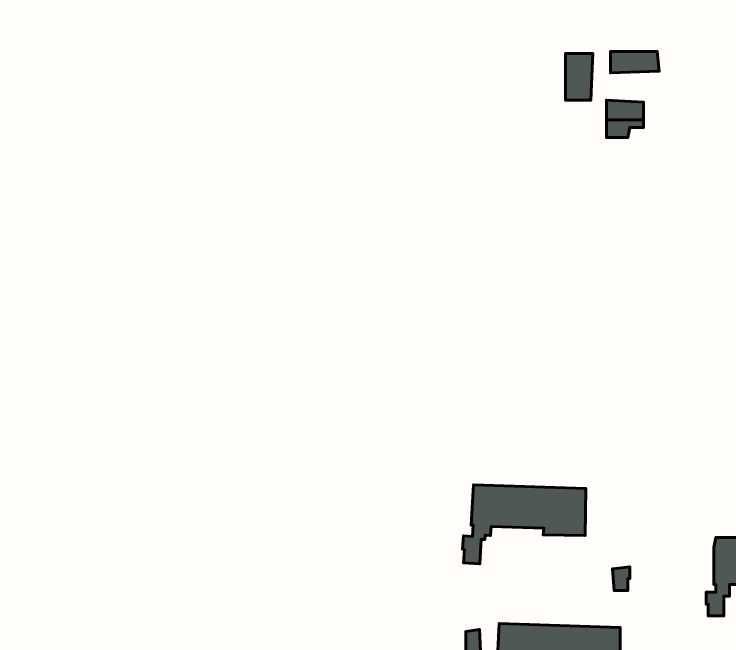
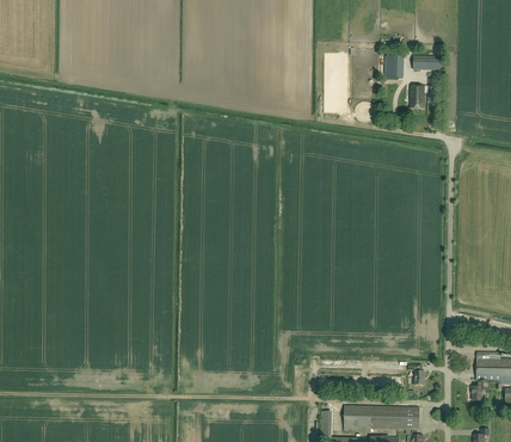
building: [463,485,586,564] -> none

